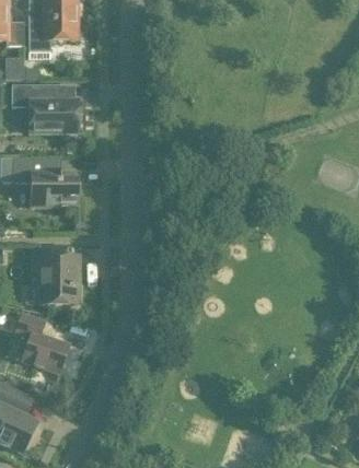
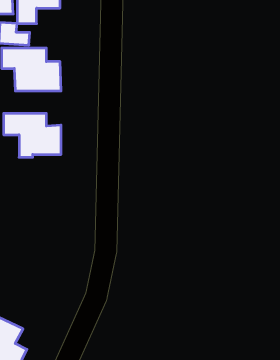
building: [40,255,80,303] -> none
building: [16,313,70,374] -> none

